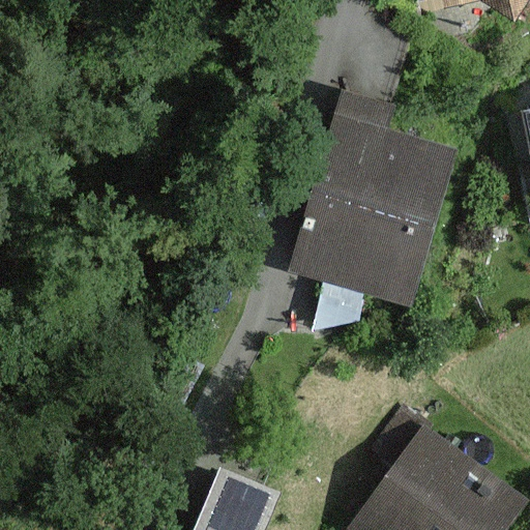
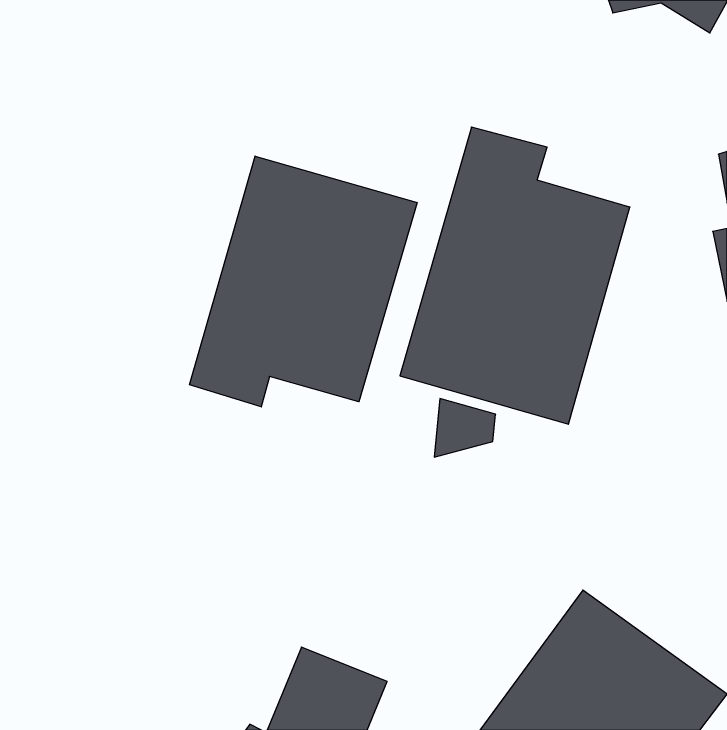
building: none -> [189,156,417,407]

